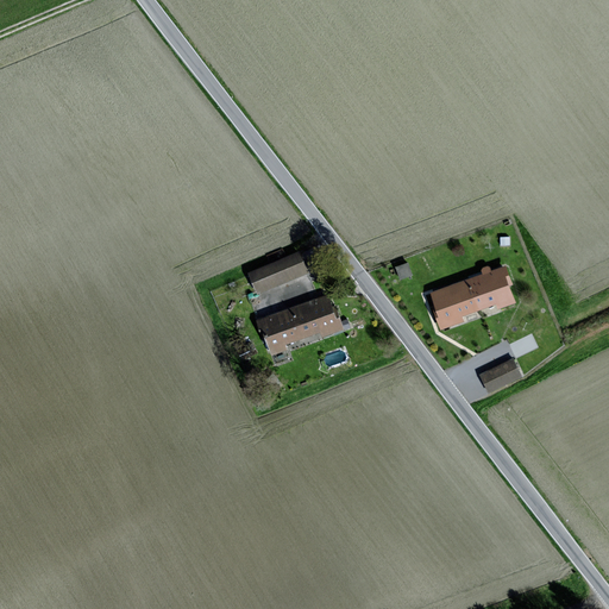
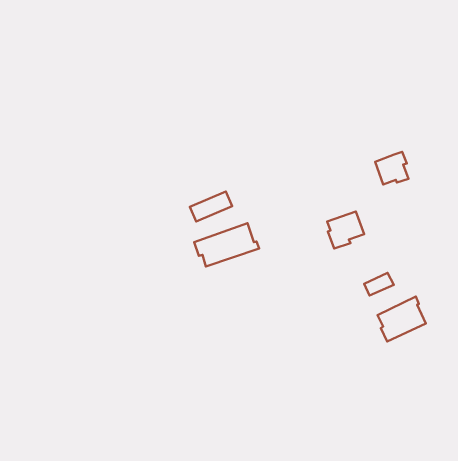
building: [469,266,513,309] -> [375,152,408,184]
building: none -> [377,297,426,341]

